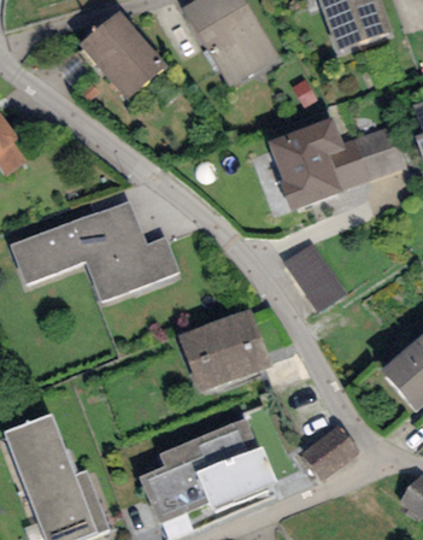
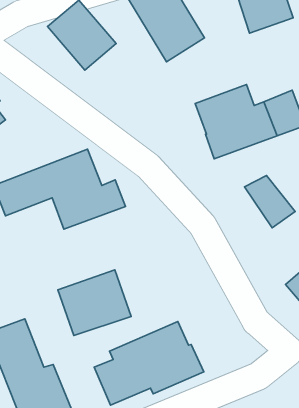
building: [283,246,347,312] -> [245,175,295,228]
building: [177,309,270,392] -> [58,270,131,336]
building: [301,425,359,481] -> none

